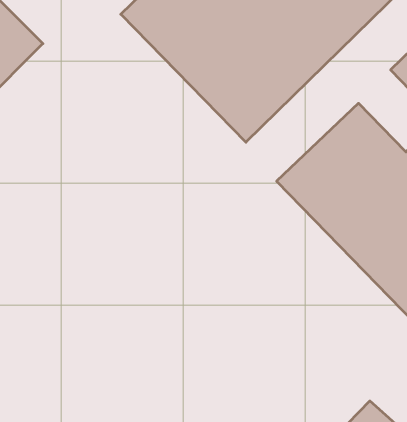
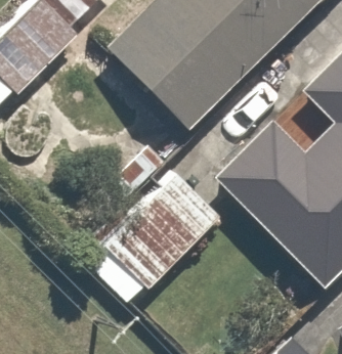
building: none -> [98,170,223,294]

